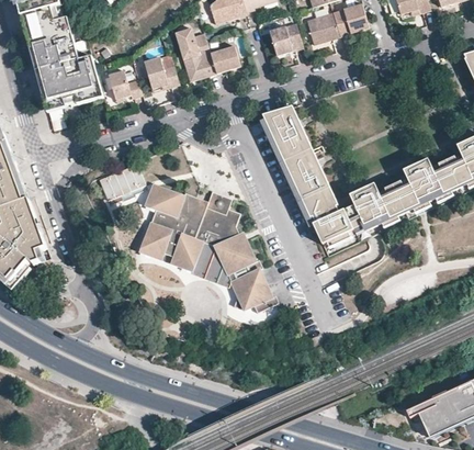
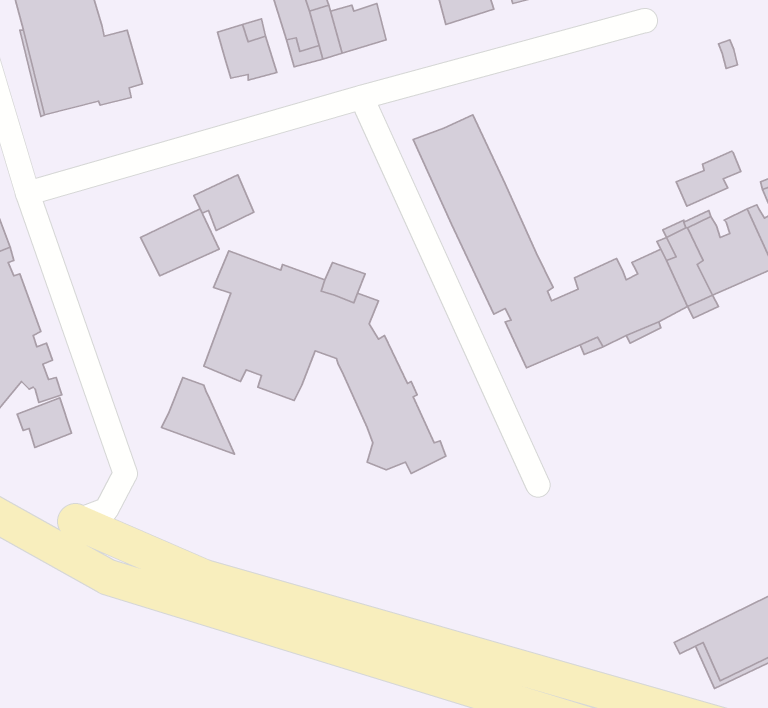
building: [109,69,143,98] -> none
building: none -> [676,151,741,206]
building: none -> [194,175,254,230]
building: [189,241,230,285] -> [162,377,235,454]
building: none -> [17,398,72,447]

